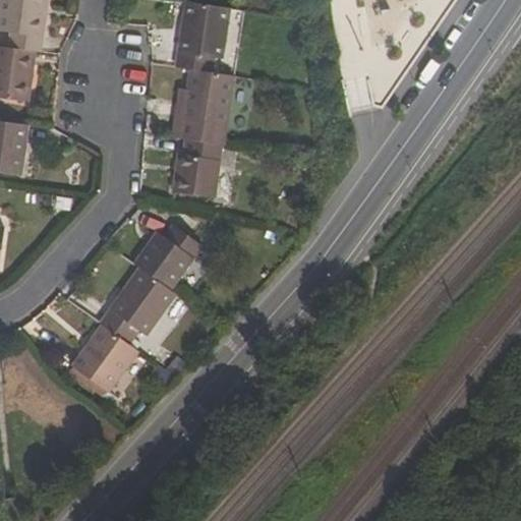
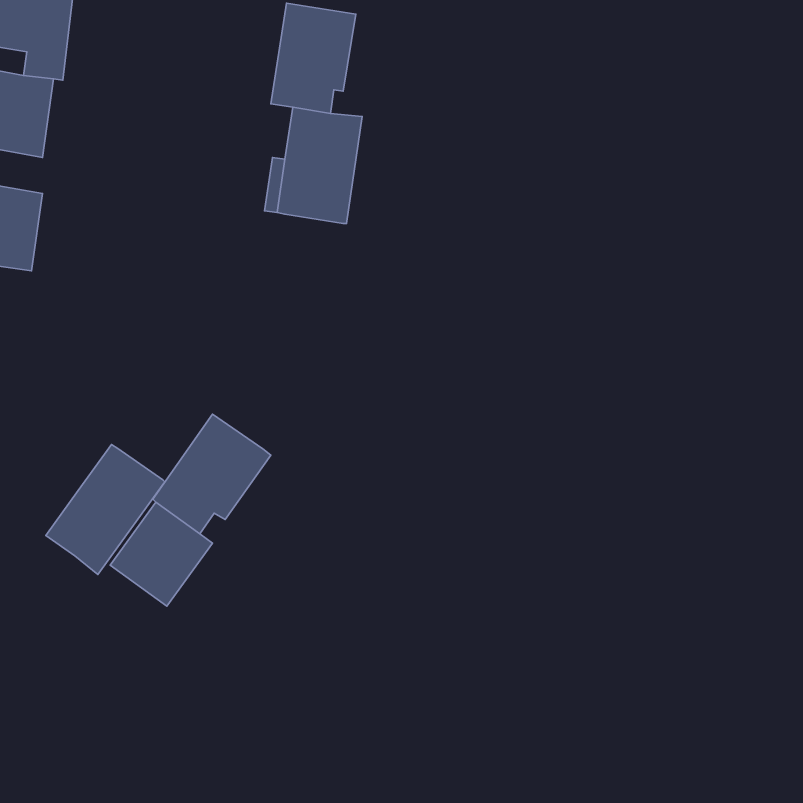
building: [172,138,222,197] -> none
building: [132,225,201,290] -> none
building: none -> [46,444,165,574]

